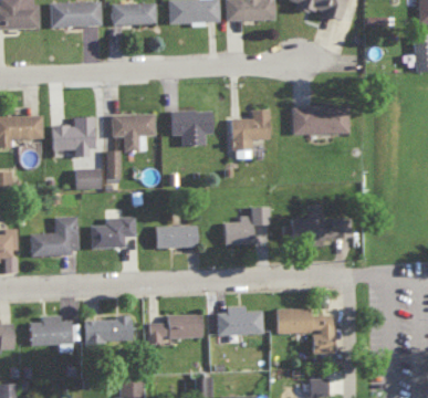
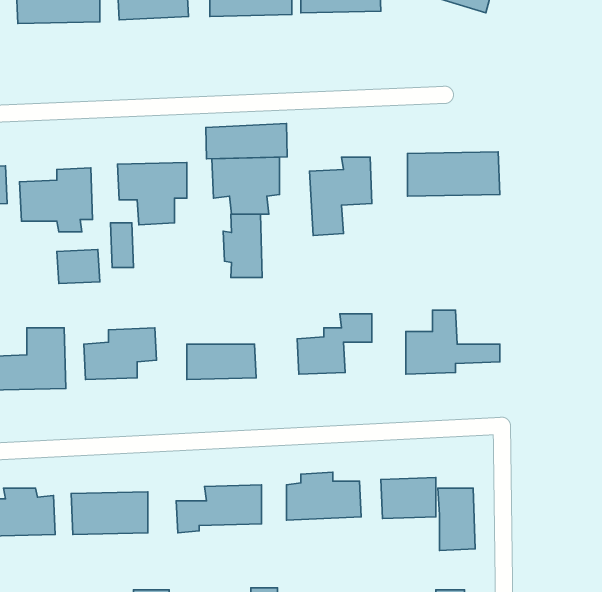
building: none -> [206,124,287,159]
building: none -> [223,214,262,278]

